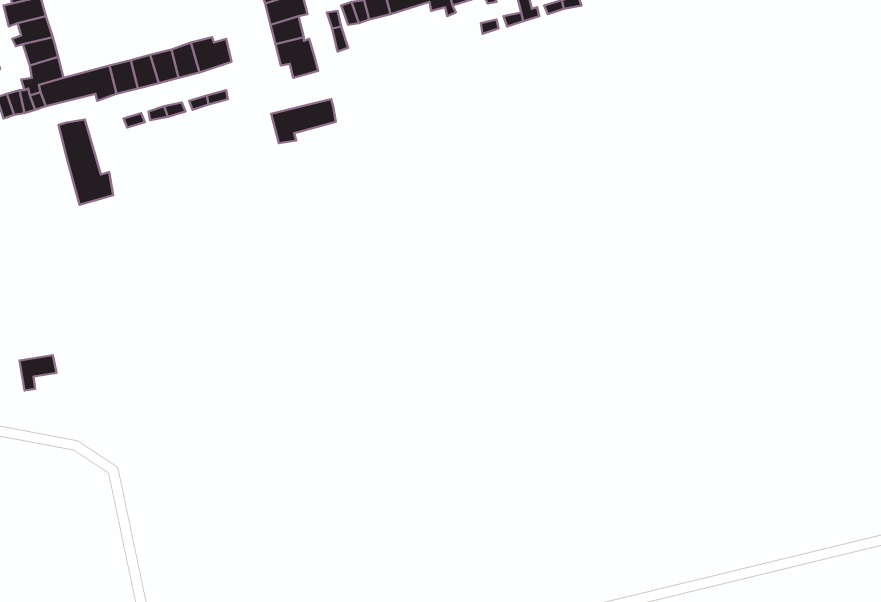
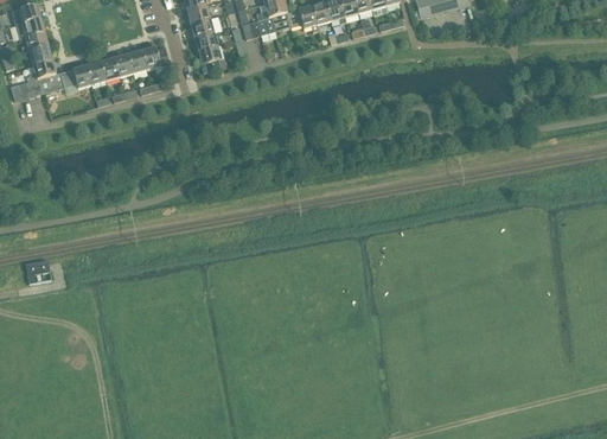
building: [271,99,336,143] -> none
building: [58,119,113,205] -> none

